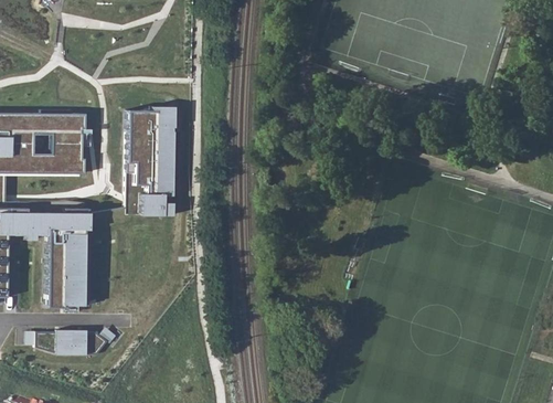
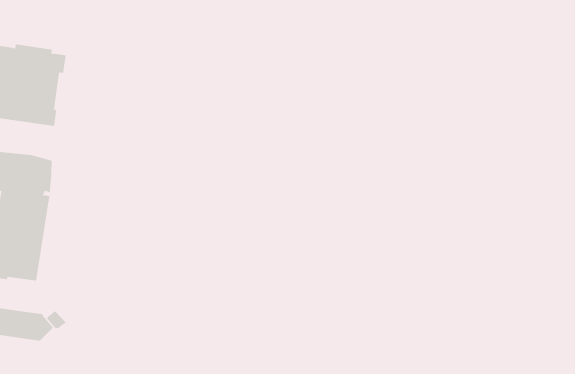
building: [128,107,176,216] -> none

